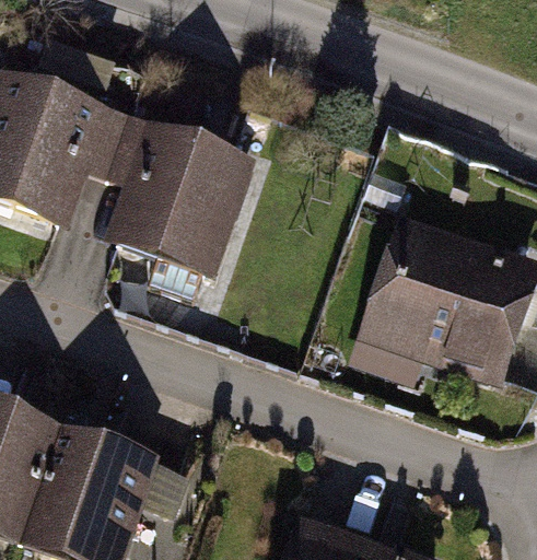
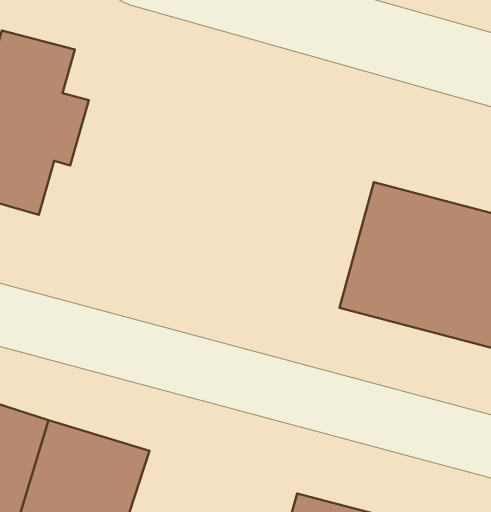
building: [104,106,258,277] -> none

